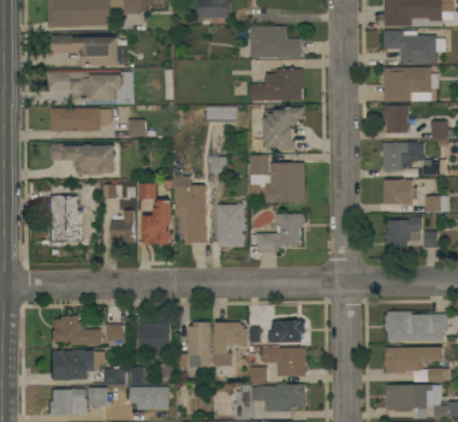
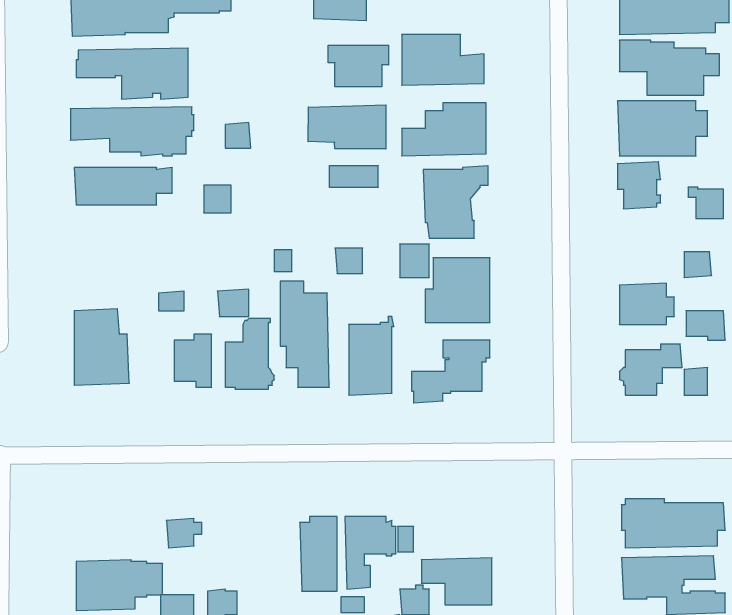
building: none -> [328,45,389,87]
building: none -> [308,105,386,149]
building: [383,142,423,173] -> none
building: [50,143,118,176] -> none
building: [52,315,102,345] -> none
building: [266,321,307,343] -> none
building: [139,322,171,355] -> none

